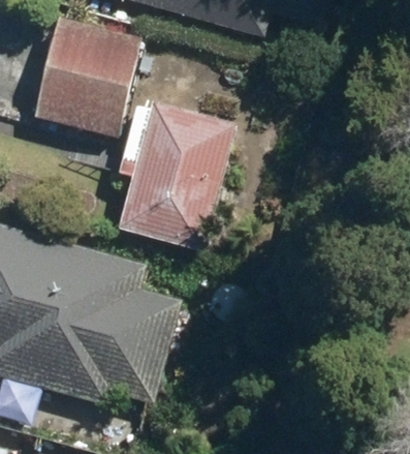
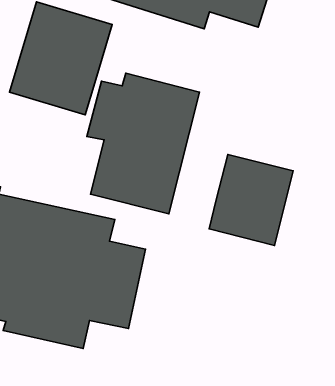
building: none -> [209,154,293,246]

